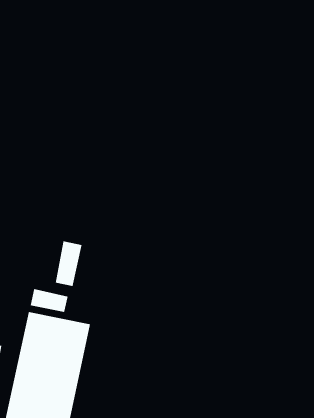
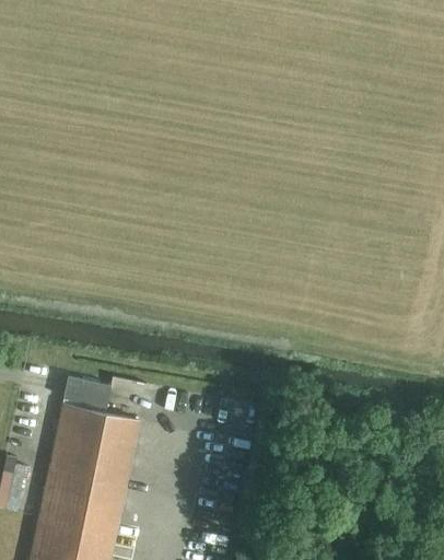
building: [55,241,82,287] -> none

